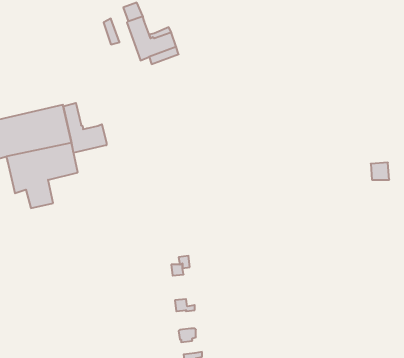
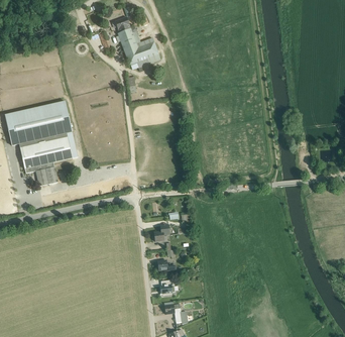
building: [63,103,107,153] -> none

